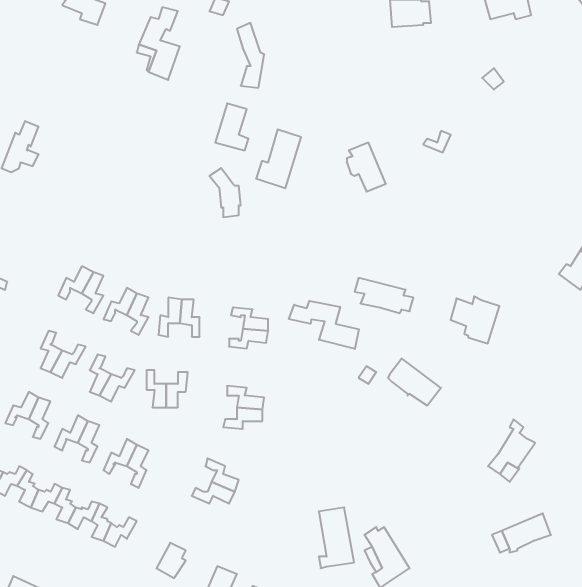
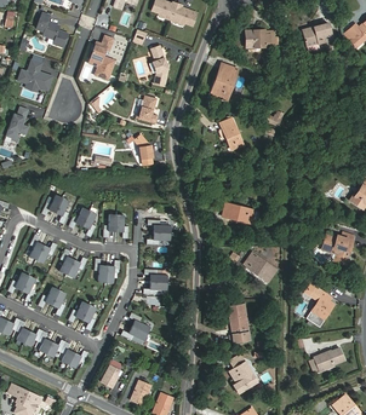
building: none -> [17,58,52,90]
building: [256,129,301,188] -> [210,64,238,100]
building: [451,296,500,343] -> [322,235,353,264]
building: [289,301,359,349] -> none
building: [319,507,354,568] -> [228,305,250,342]

